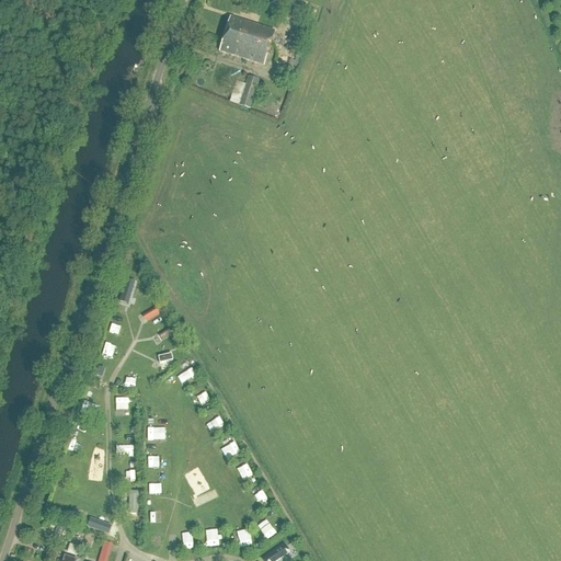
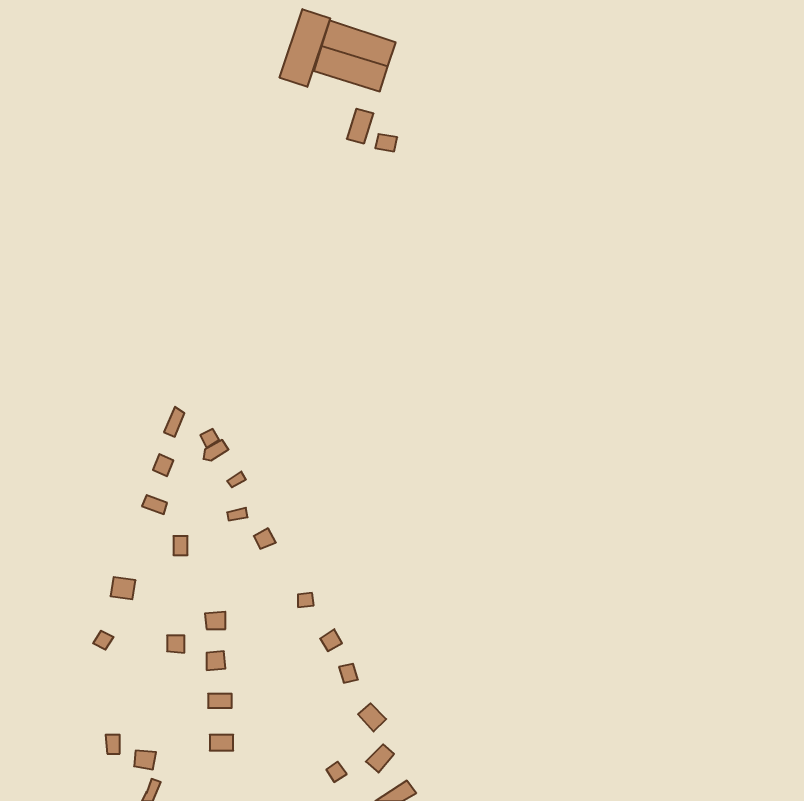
building: none -> [280,9,330,87]

